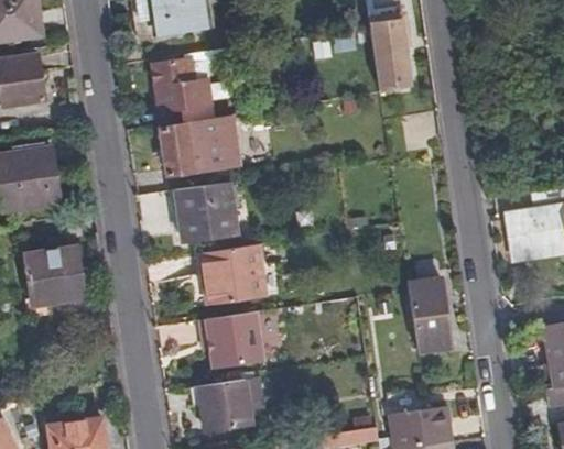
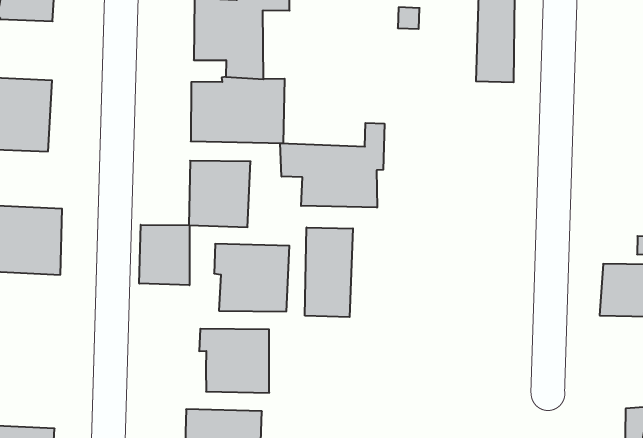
building: none -> [280,123,384,208]
building: none -> [305,227,353,317]
building: none -> [139,225,189,285]
building: [412,276,453,349] -> none

